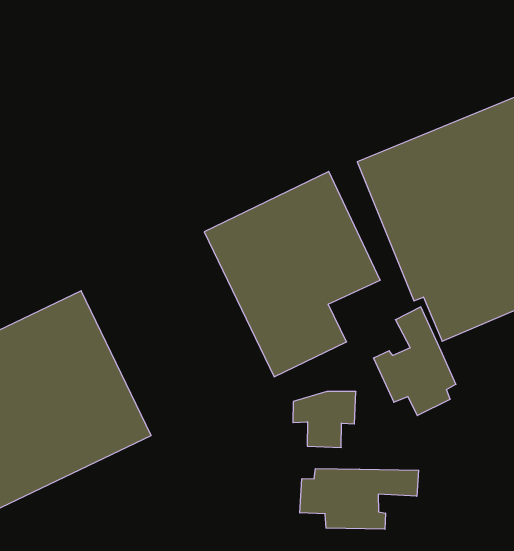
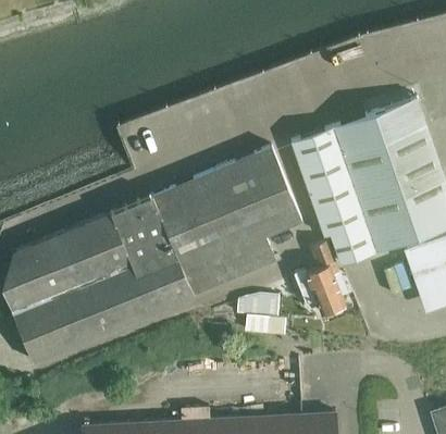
building: none -> [100,183,226,318]
building: [300,469,419,529] -> none

